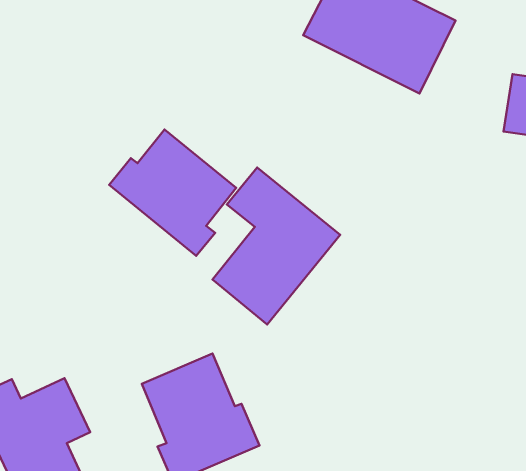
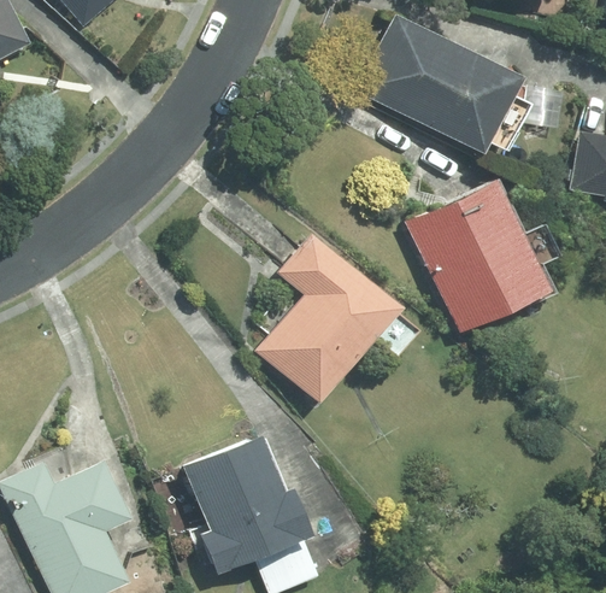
building: none -> [408,178,551,330]
building: [109,130,236,256] -> none

